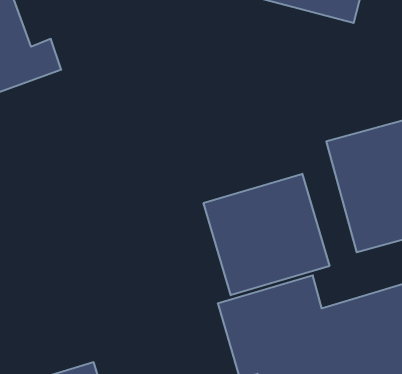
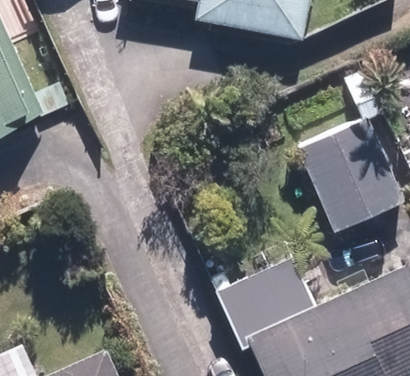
building: [204,174,329,295] -> none

